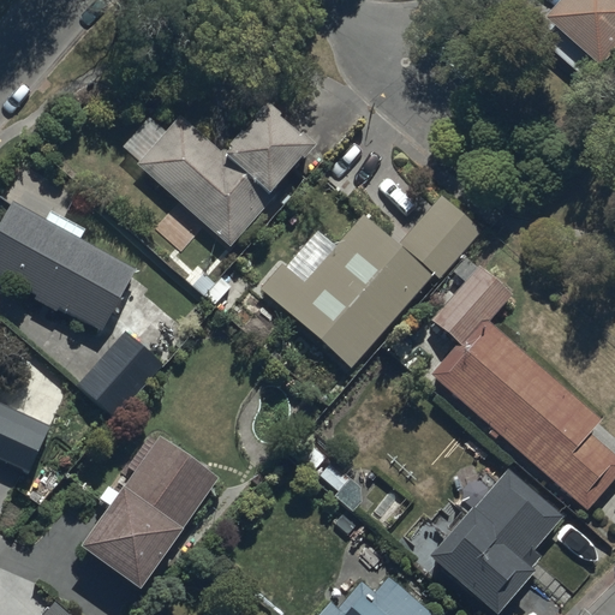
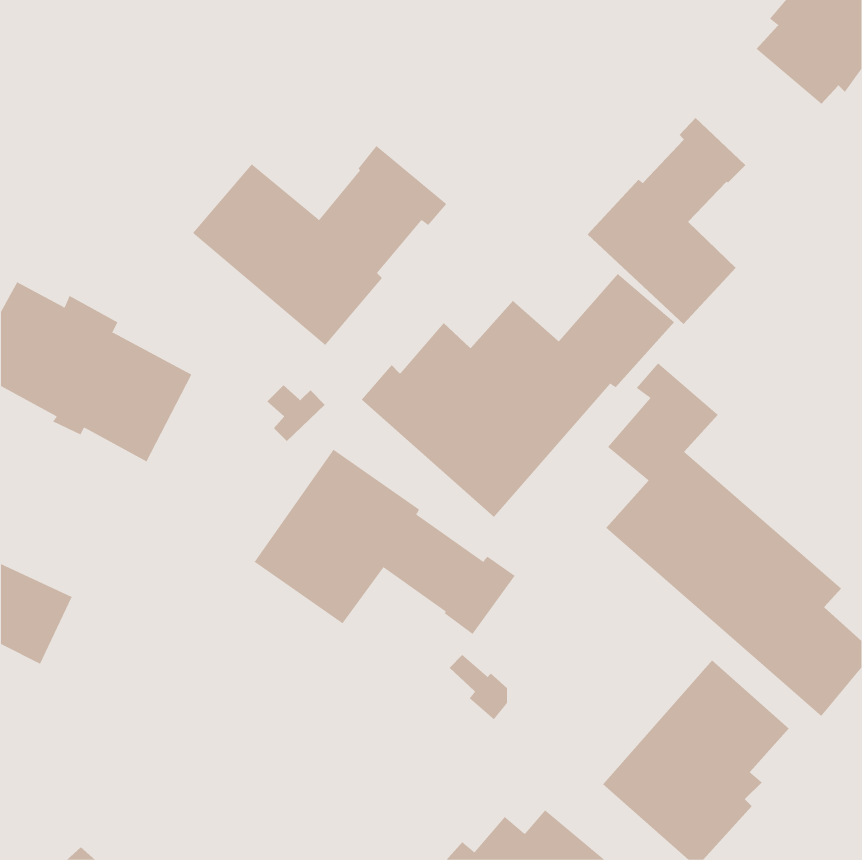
building: none -> [587,117,746,325]
building: none -> [254,449,516,635]
building: [77,332,165,420] -> none
building: [80,431,220,587] -> none

